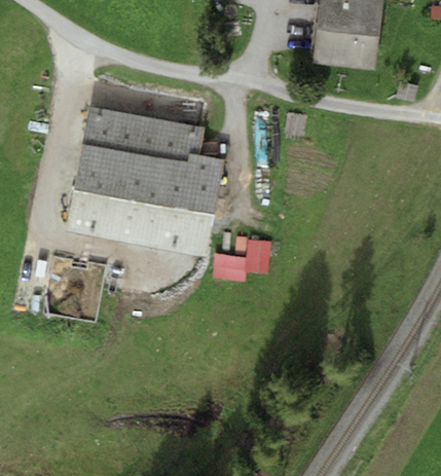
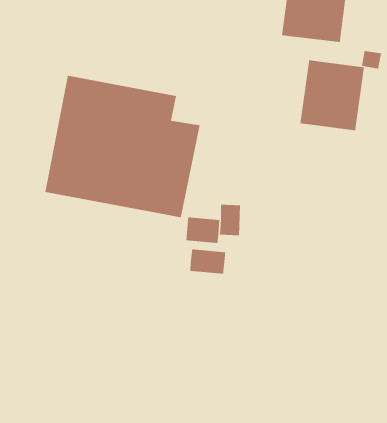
building: none -> [300,59,364,131]
building: none -> [190,249,226,274]

